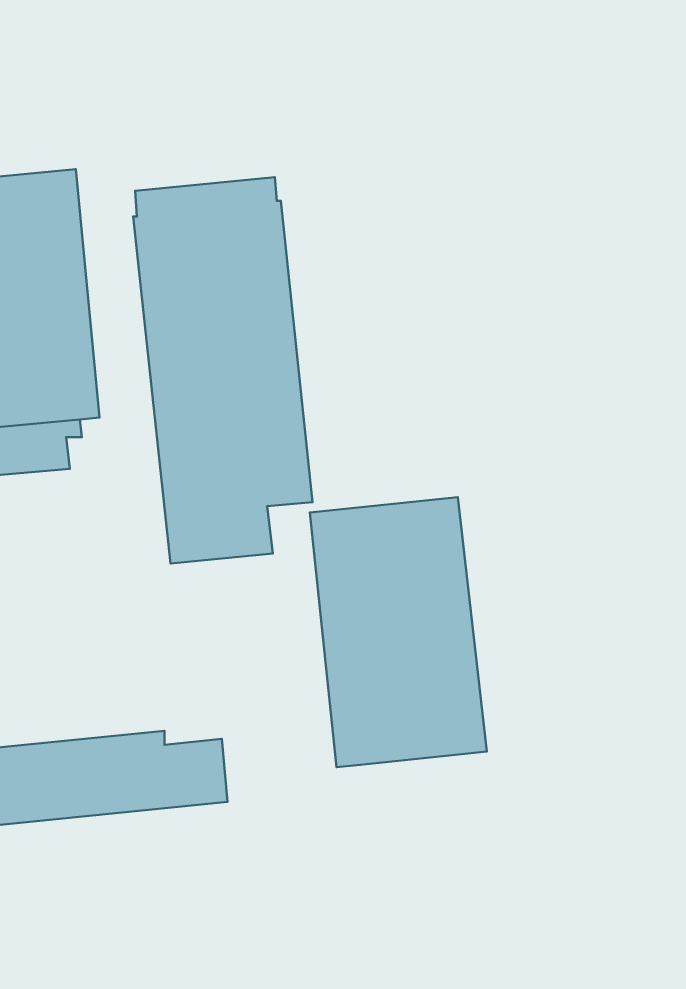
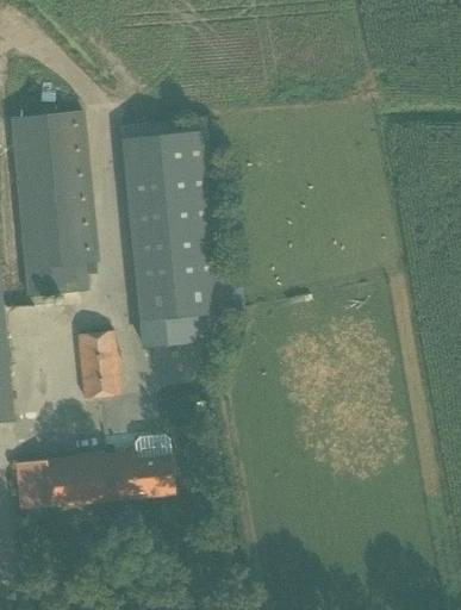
building: [310,497,487,767] -> none
building: none -> [80,329,123,397]

